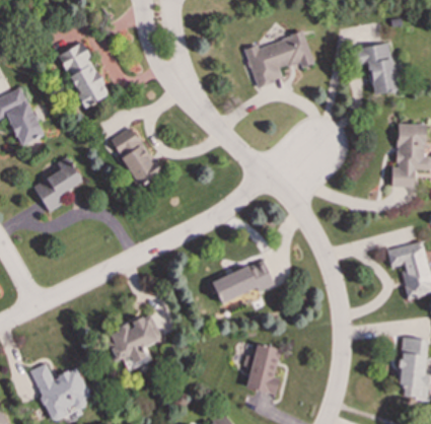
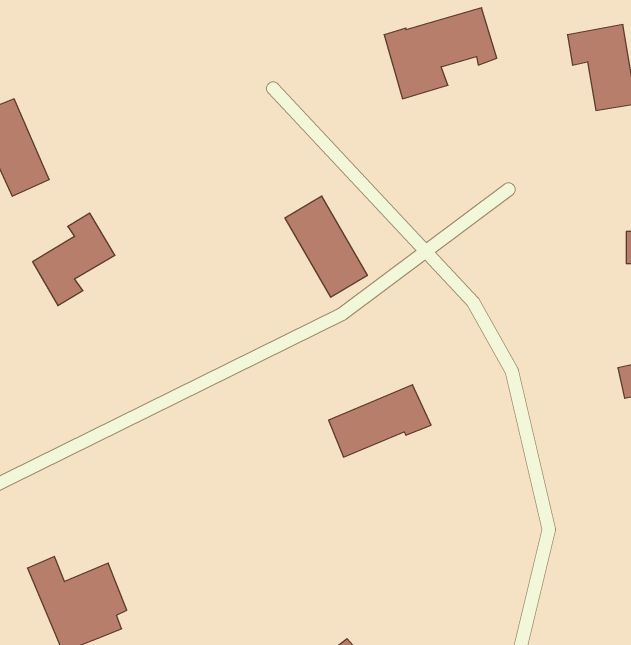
building: [59,43,107,108] -> none
building: [111,126,160,187] -> [285,196,367,297]
building: [109,313,161,371] -> none
building: [246,344,280,394] -> none

